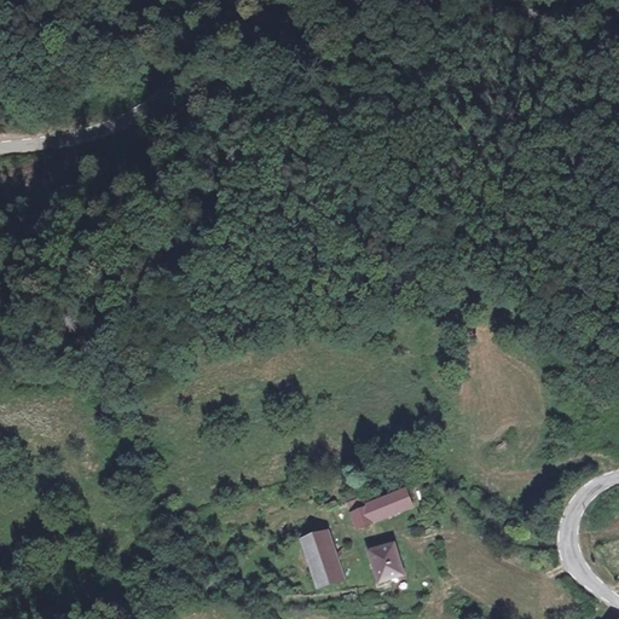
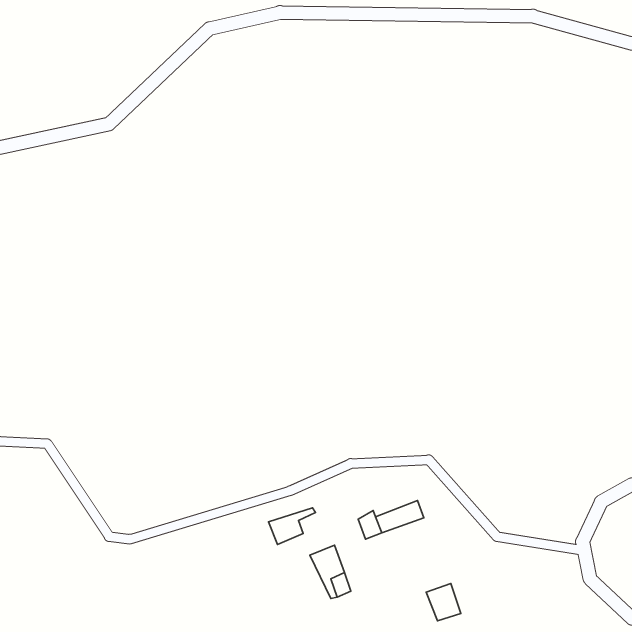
building: none -> [269,508,316,544]
building: [366,544,400,580] -> [426,584,461,621]

